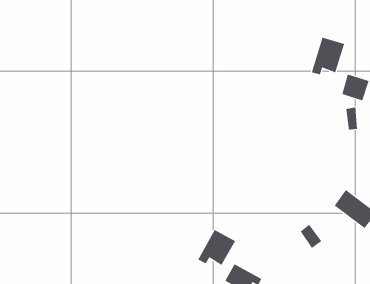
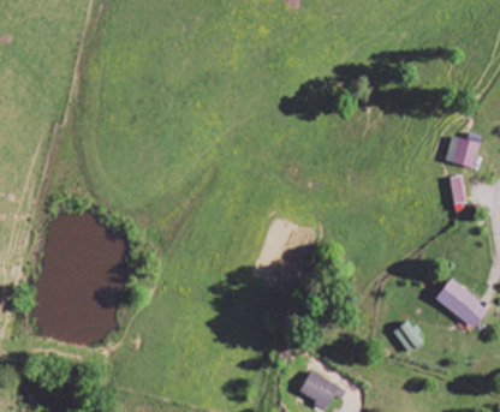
building: [311,37,345,75] -> none
building: [198,229,236,266] -> none

